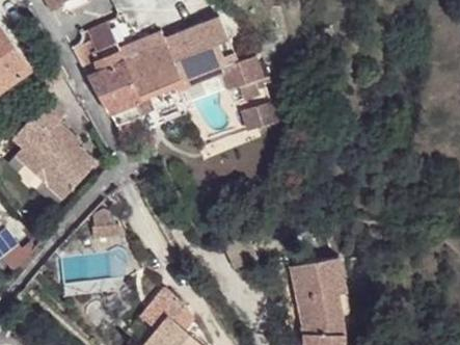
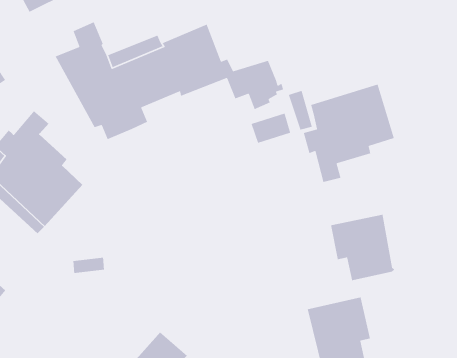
building: none -> [303,83,395,183]
building: none -> [330,214,395,281]

